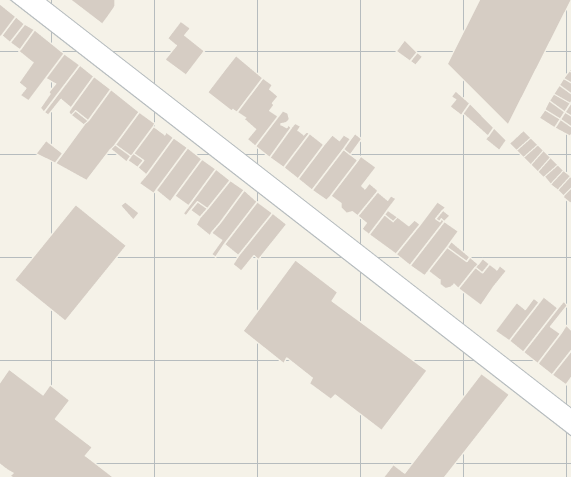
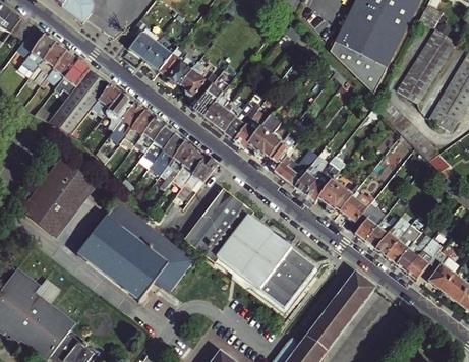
building: none -> [143,41,172,70]
building: none -> [76,197,193,299]
building: none -> [350,209,386,241]

